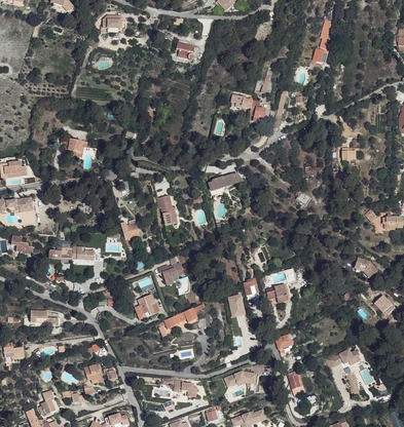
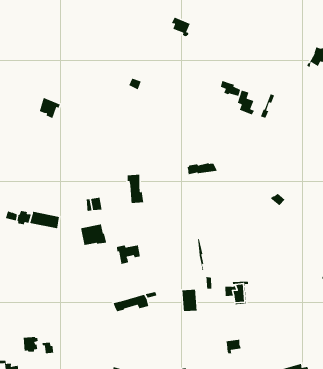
building: [132,294,159,317] -> [80,224,107,246]

